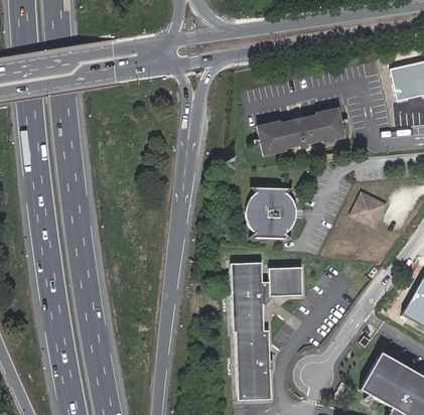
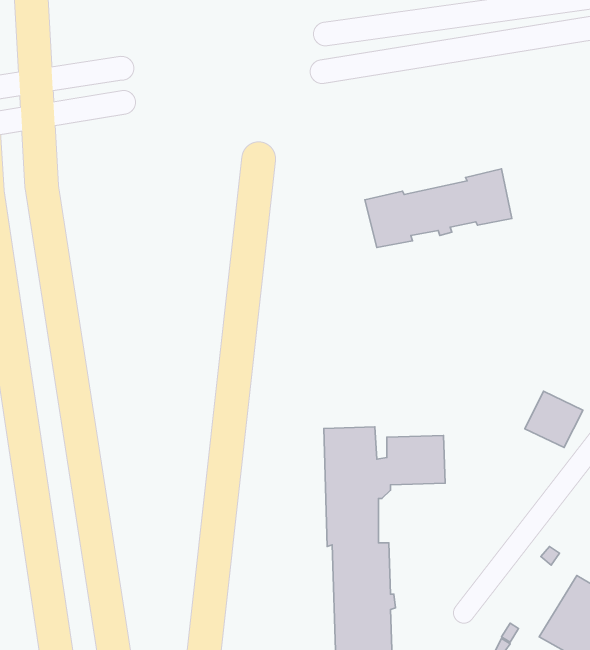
building: [240,188,290,240] -> none
building: [350,194,385,228] -> [525,391,583,448]

